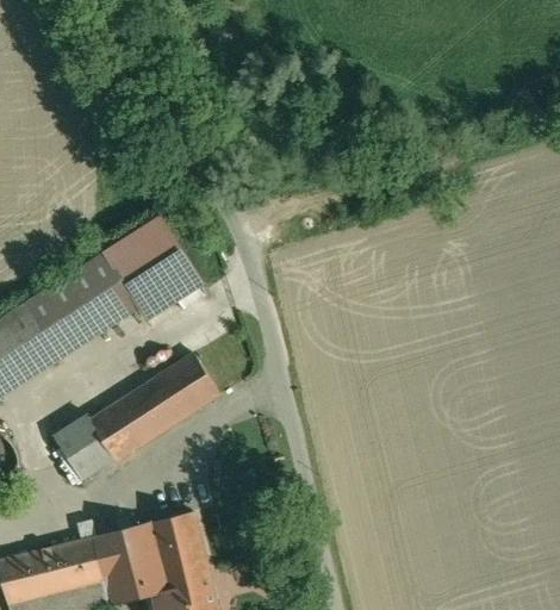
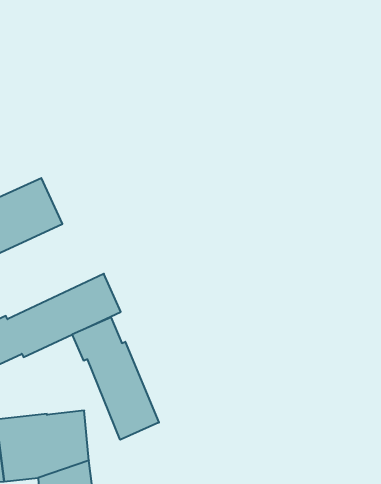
building: [107,220,201,318] -> none
building: none -> [72,317,159,440]

